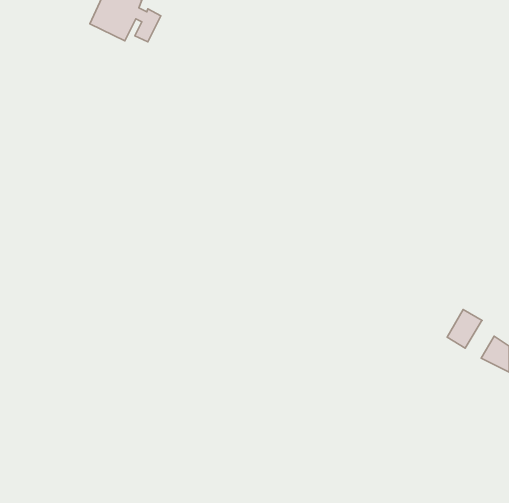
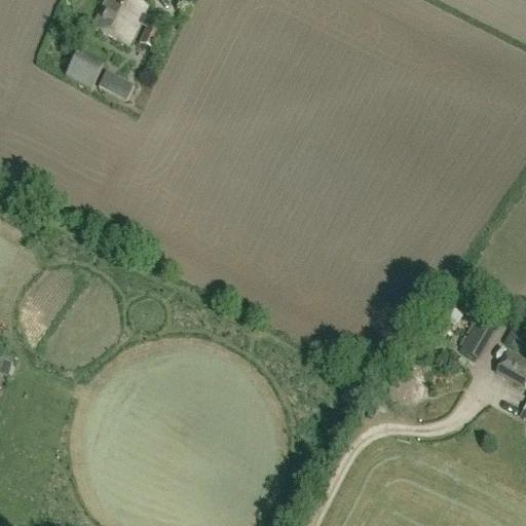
building: none -> [64,46,105,86]
building: none -> [98,70,132,99]

